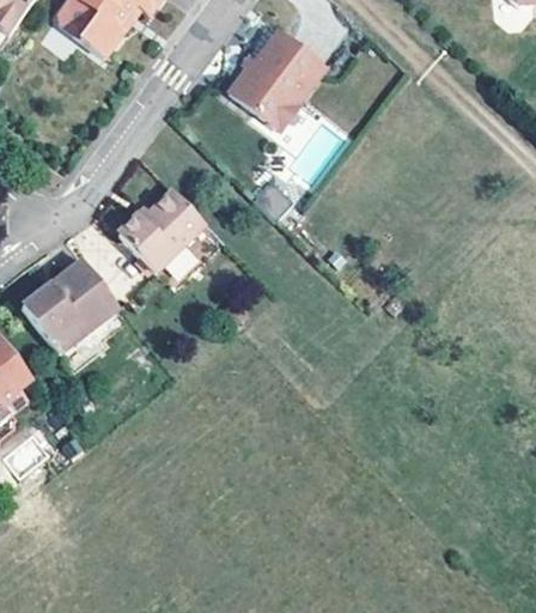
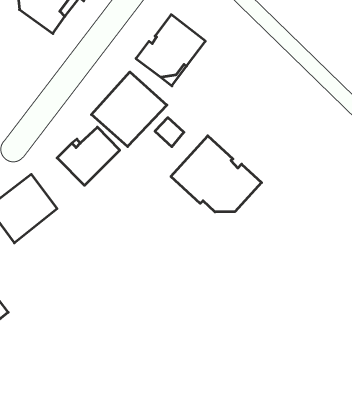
building: none -> [91,72,167,147]
building: none -> [171,136,262,212]

